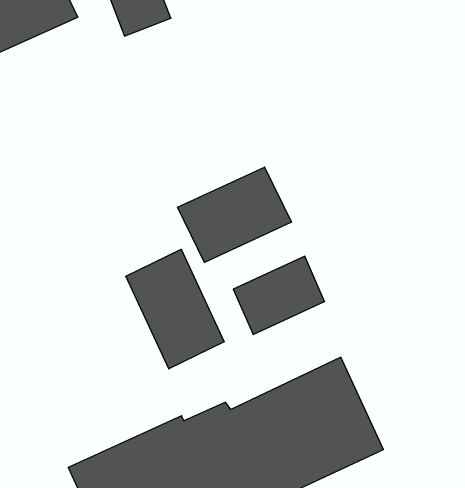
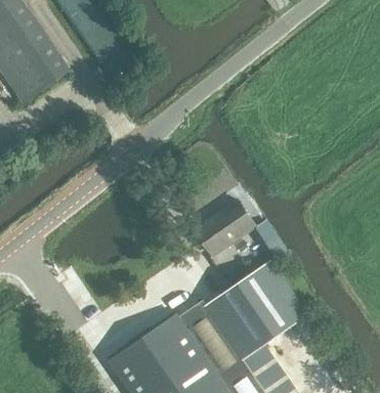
building: [178,167,291,262] -> none
building: [126,249,224,369] -> none

